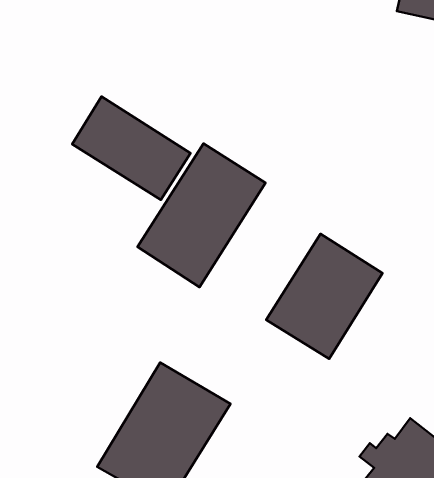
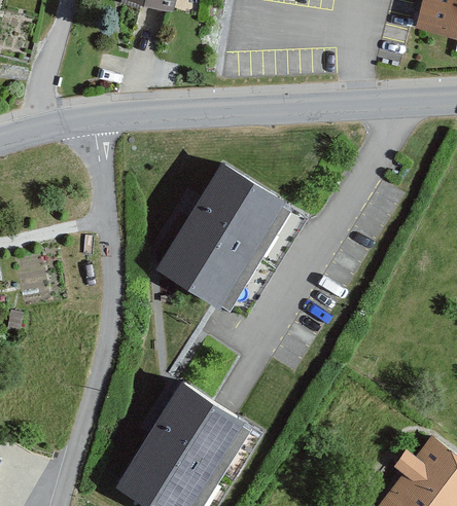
building: [72,97,191,200] -> none
building: [266,234,383,359] -> none

